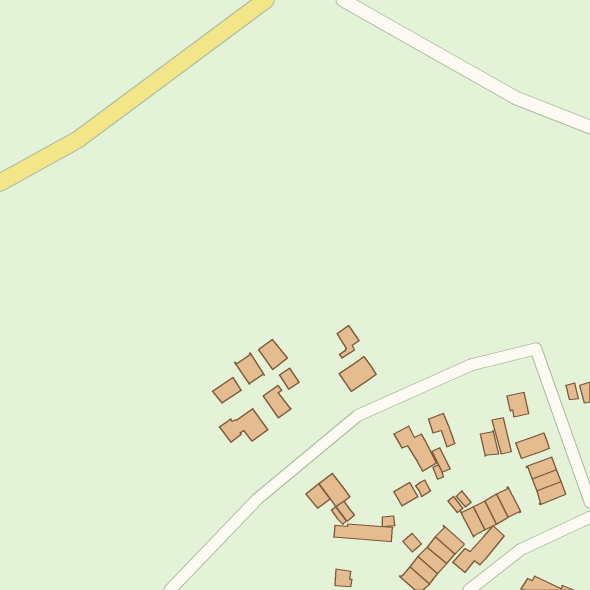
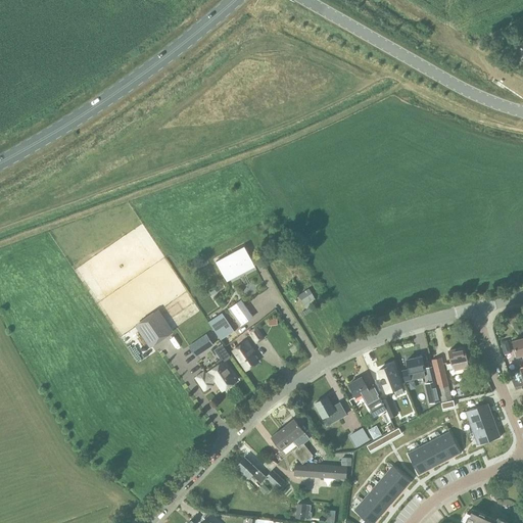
building: none -> [218,249,252,277]
building: none -> [137,312,171,345]
building: [339,357,376,391] -> none
building: none -> [401,356,425,382]
building: [516,433,549,458] -> none
building: none -> [315,396,345,422]
building: none -> [236,458,284,489]
building: [453,526,504,572] -> none

